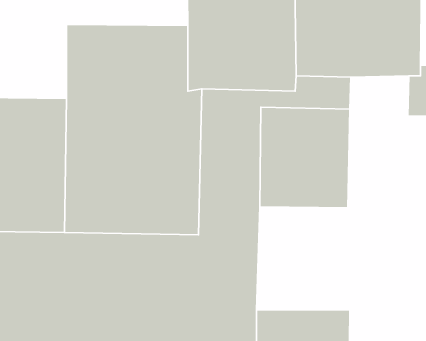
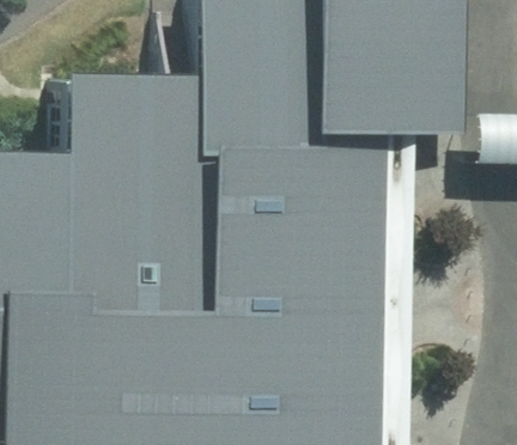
building: none -> [291,275,395,390]

